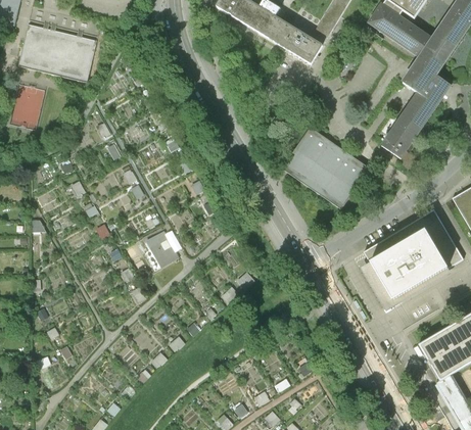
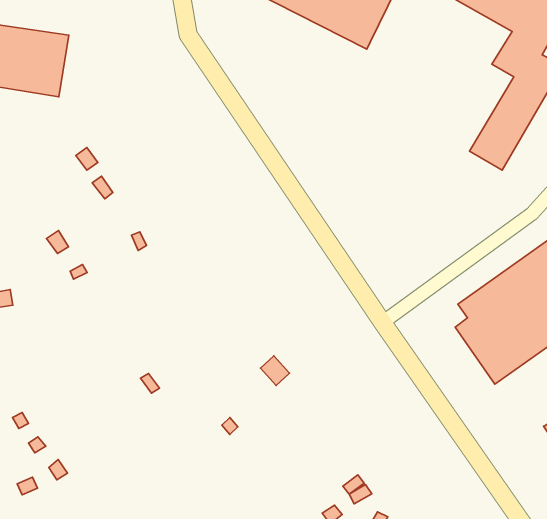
building: [282,129,369,210] -> none
building: [146,228,181,267] -> none

